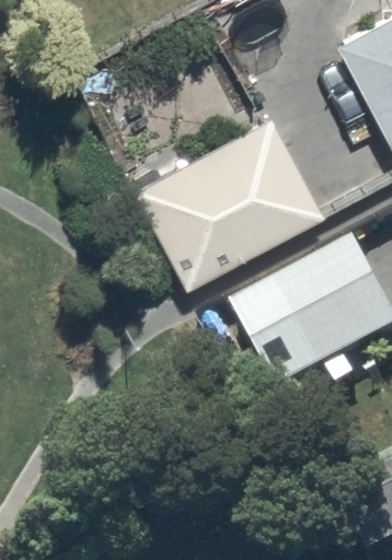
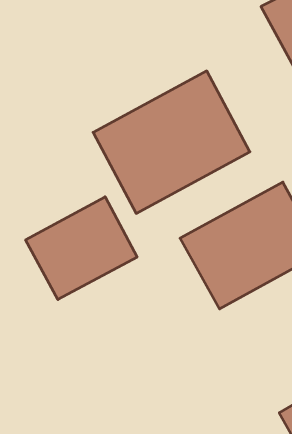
building: none -> [26,197,137,300]

